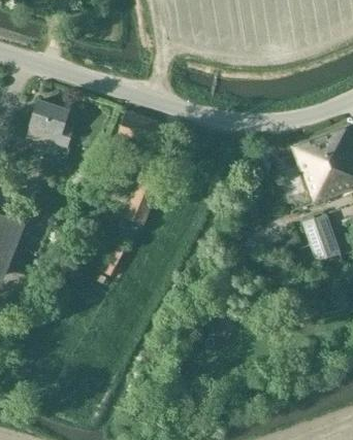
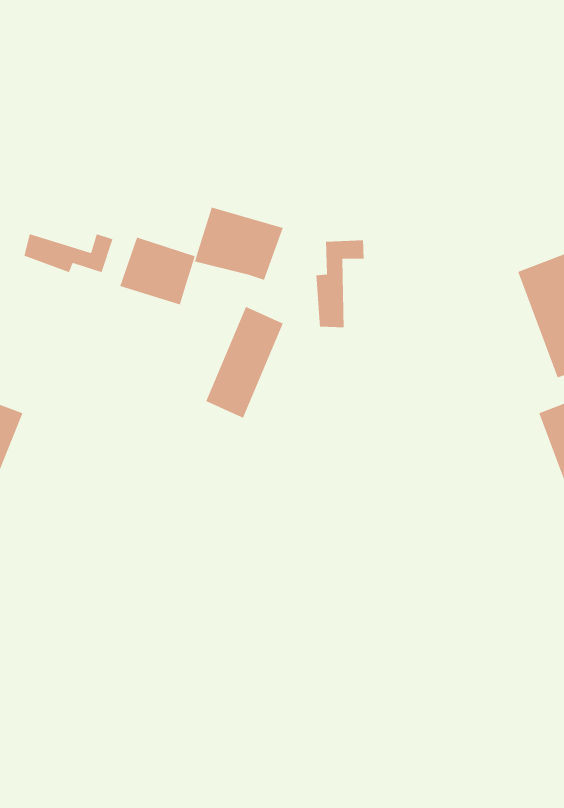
building: [28,100,69,137] -> [119,237,196,306]
building: none -> [315,240,364,328]

